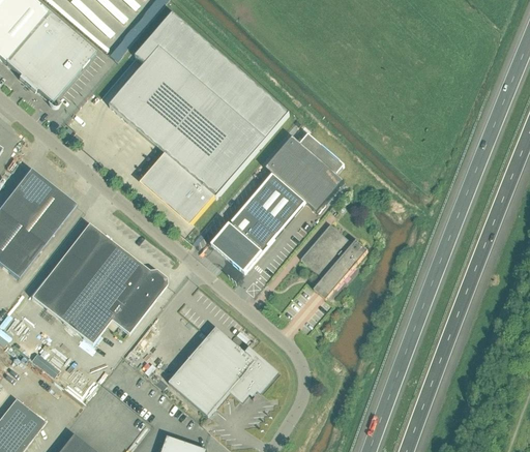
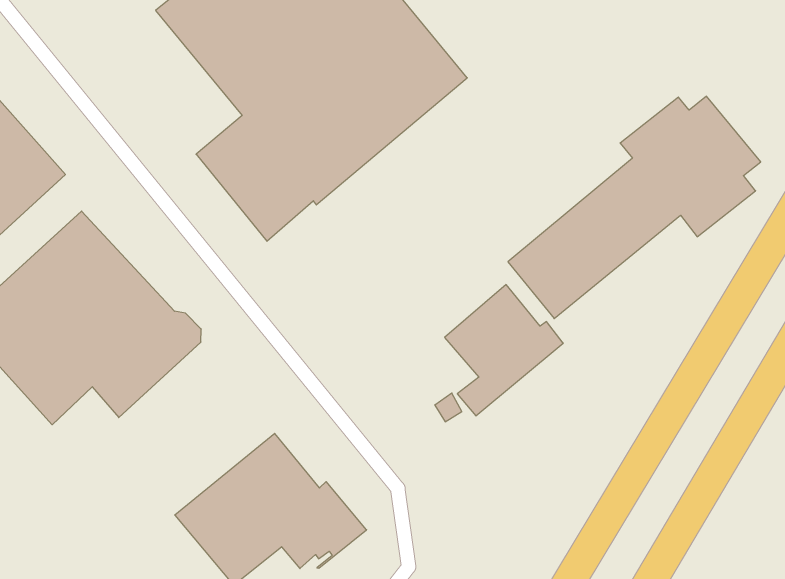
building: [213,133,344,271] -> [508,96,761,319]

